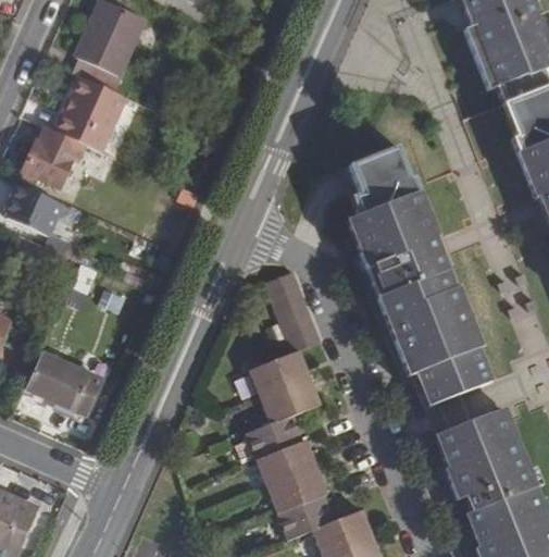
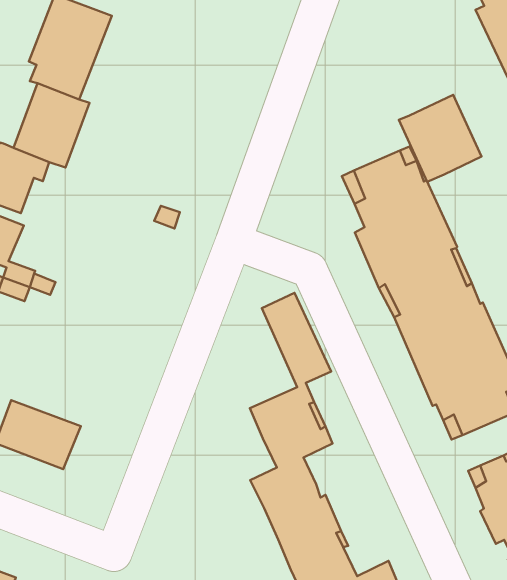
building: none -> [399,95,481,182]

